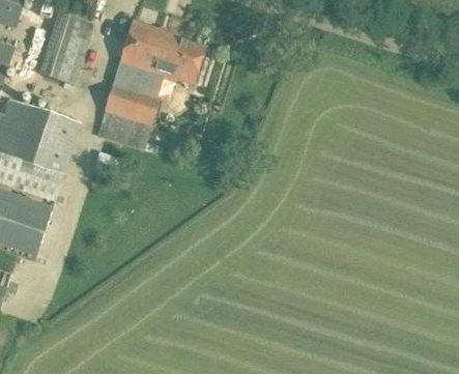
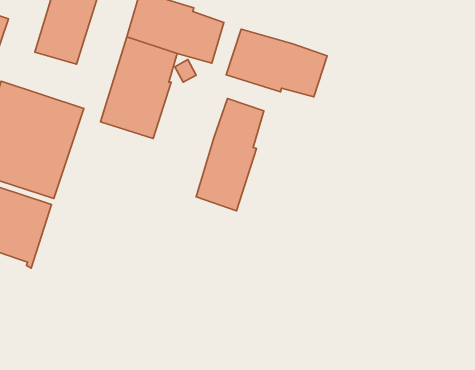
building: none -> [226,29,327,97]
building: none -> [196,98,264,211]

